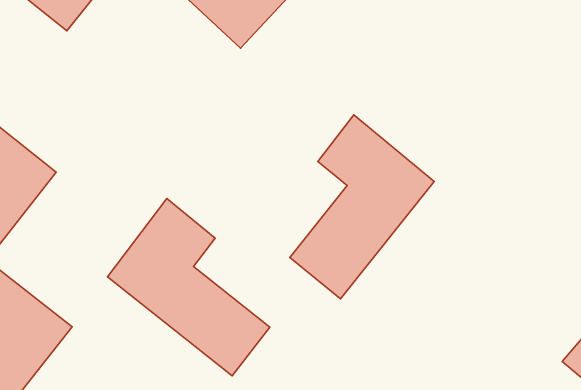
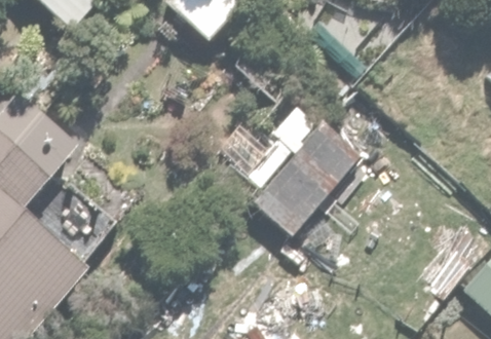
building: [108,199,270,376] -> none

